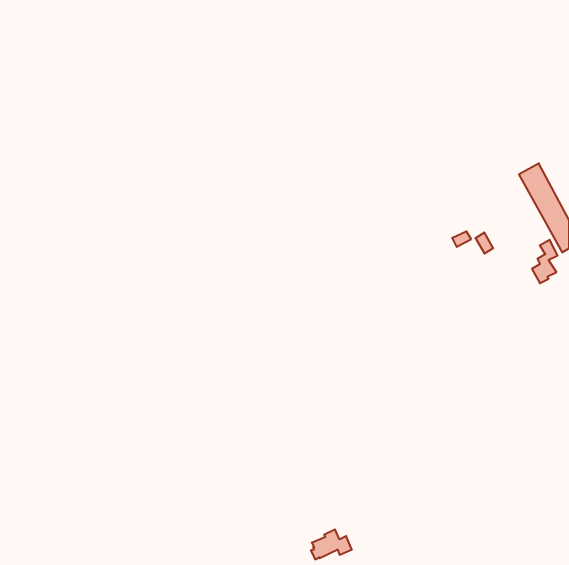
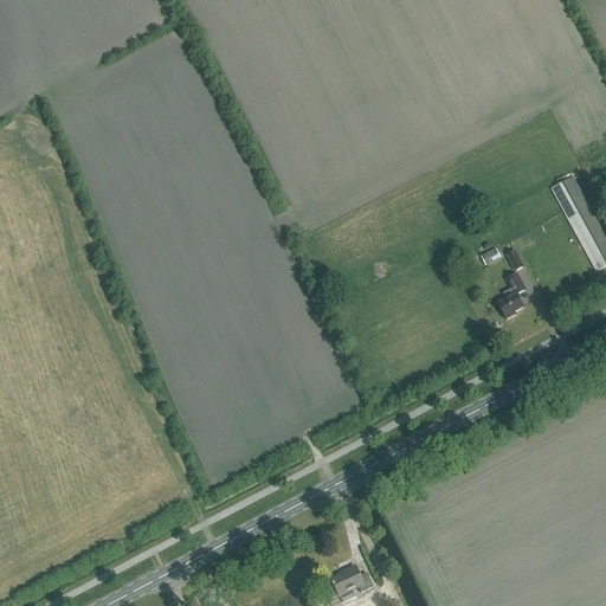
building: [532,240,558,283] -> [498,271,526,317]

